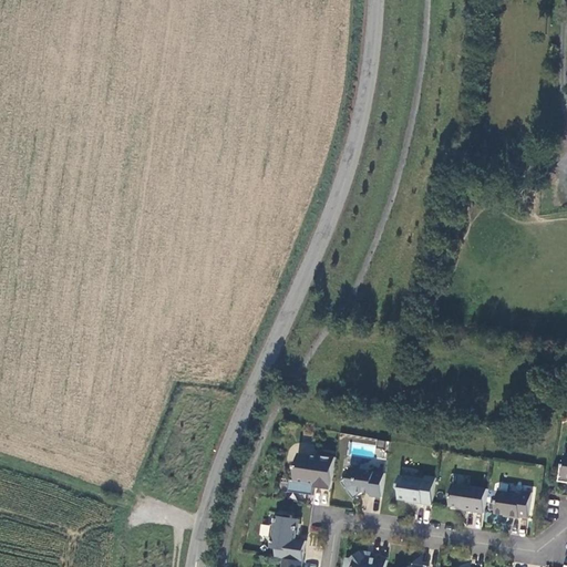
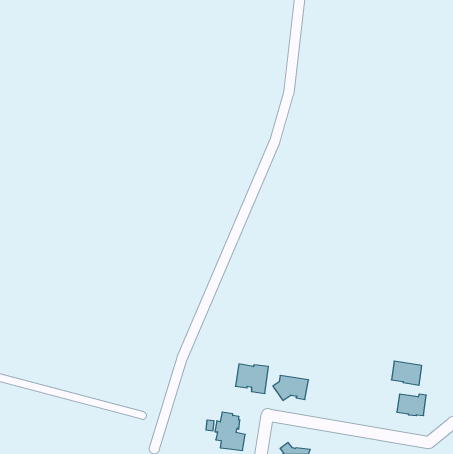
building: [395,474,434,504] -> none
building: [447,482,485,512] -> [391,361,422,385]

